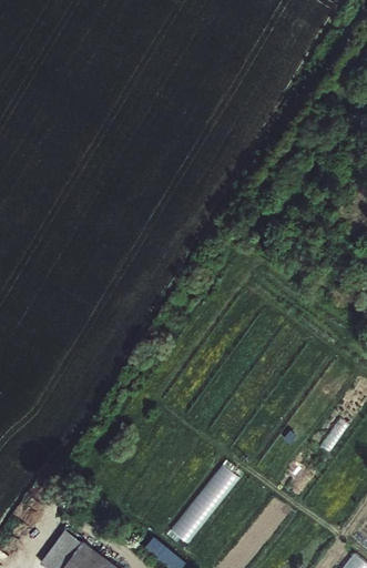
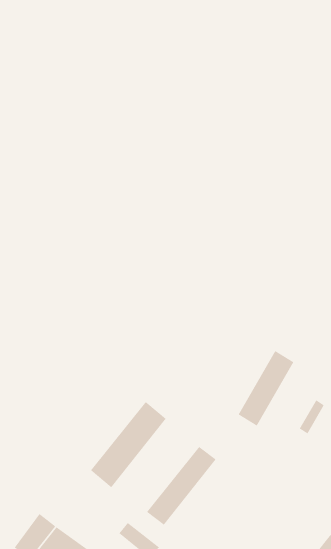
building: none -> [238,350,294,426]
building: none -> [90,401,167,488]

